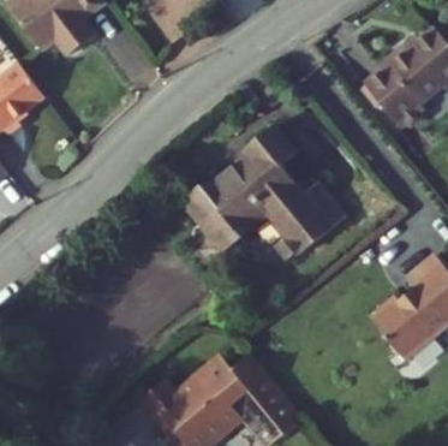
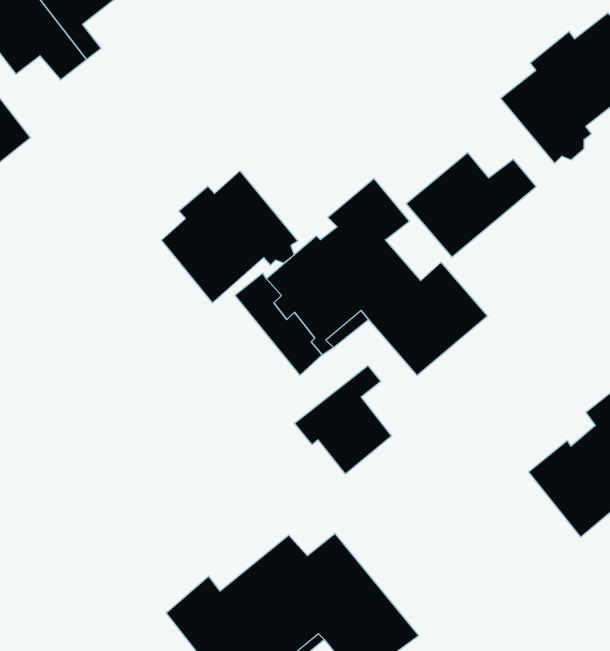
building: none -> [406,152,536,257]
building: none -> [161,171,298,303]
building: none -> [294,365,392,474]

